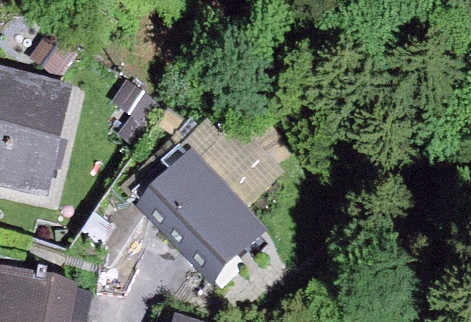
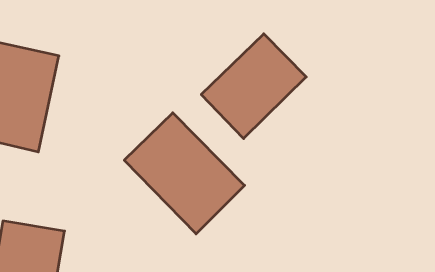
building: none -> [201,34,306,139]

